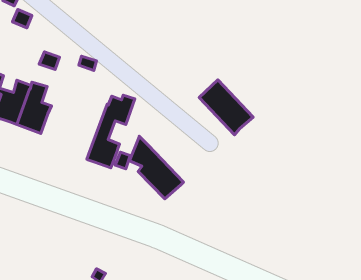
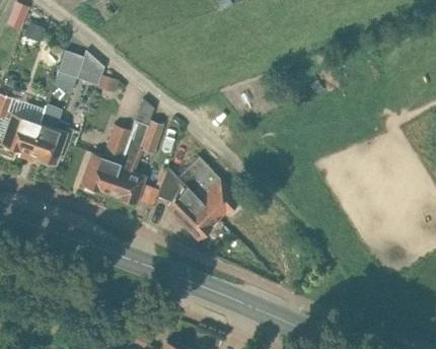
building: none -> [77,52,103,85]
building: [199,80,253,135] -> [177,157,239,220]
building: none -> [80,125,131,194]

